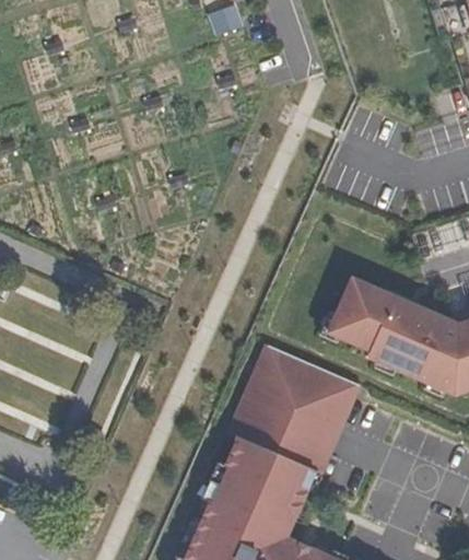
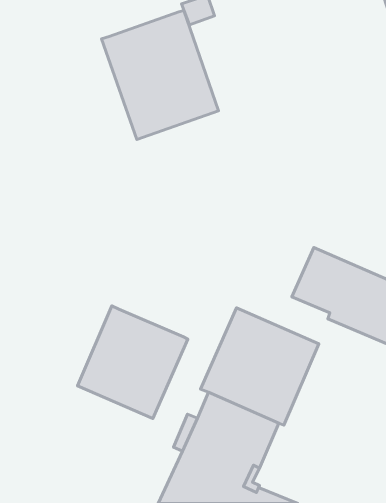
building: none -> [101,10,218,139]
building: none -> [77,306,188,419]

